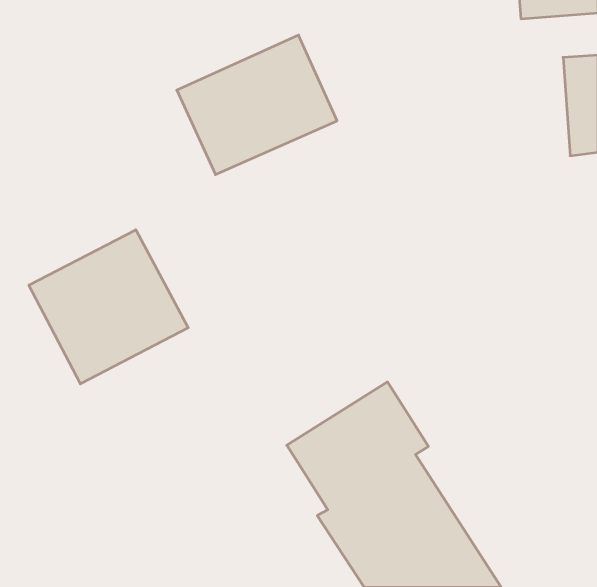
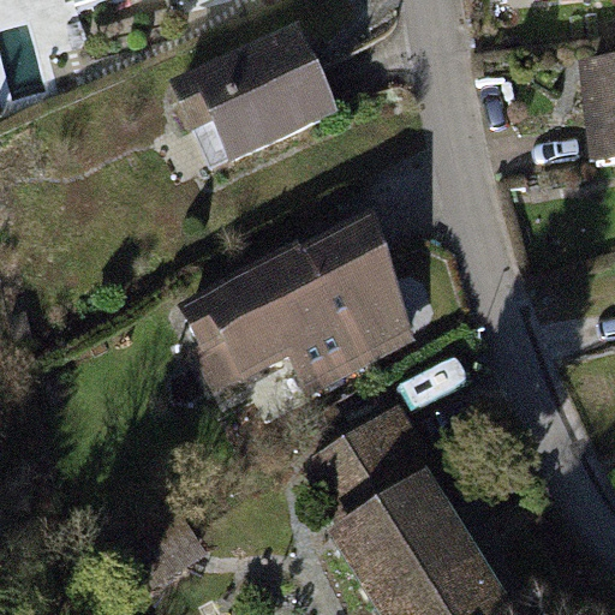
building: none -> [186,203,413,394]
building: [29,230,188,384] -> none

